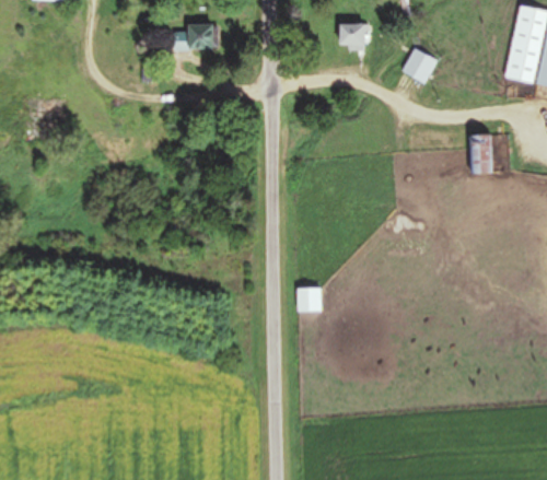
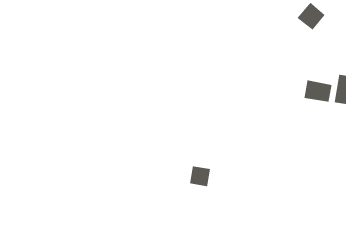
building: none -> [304,80,332,102]

